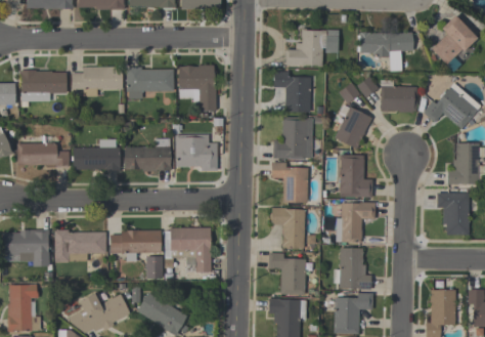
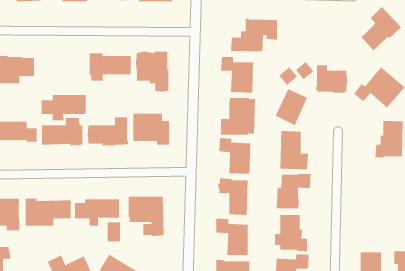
building: [357,32,412,71] -> none
building: [71,67,122,96] -> [41,94,87,121]
building: [436,193,469,235] -> none

